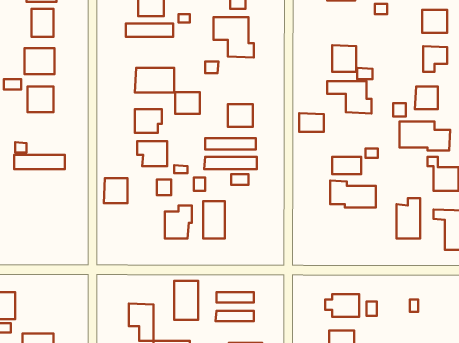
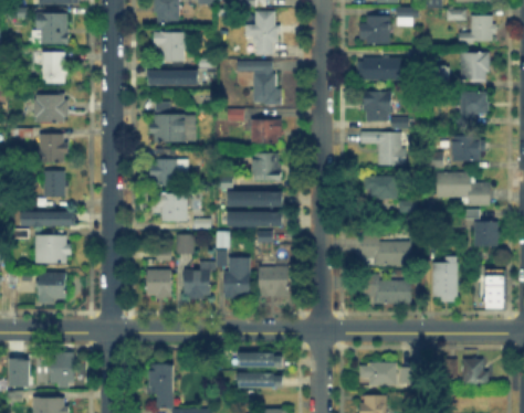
building: none -> [359,59,399,81]
building: [175,92,200,114] -> [251,120,277,144]
building: [299,113,324,132] -> [370,177,397,197]
building: none -> [43,172,64,198]
building: [104,178,128,203] -> [145,271,170,297]
building: none -> [34,237,69,264]
building: none -> [259,267,287,296]
building: none -> [39,274,64,299]
building: none -> [360,274,409,303]
building: [174,281,198,320] -> none
building: none -> [50,350,74,383]
building: none -> [463,358,490,386]

